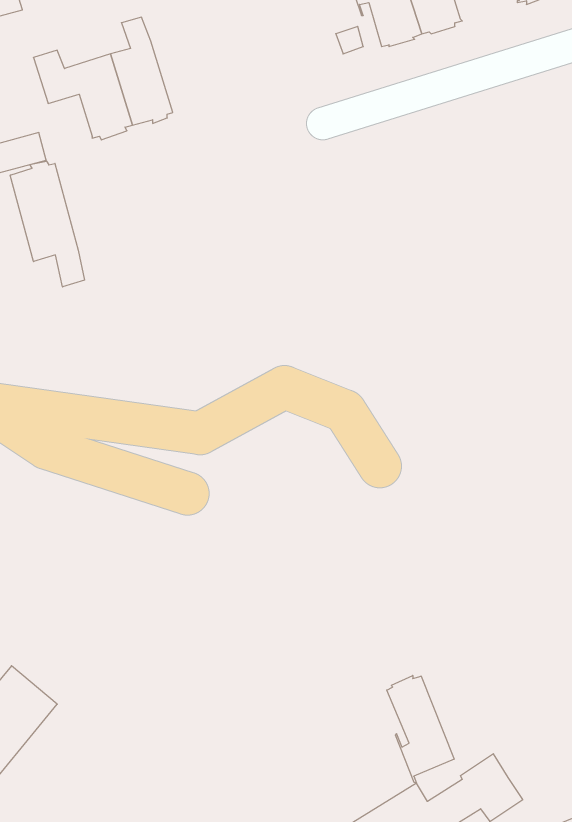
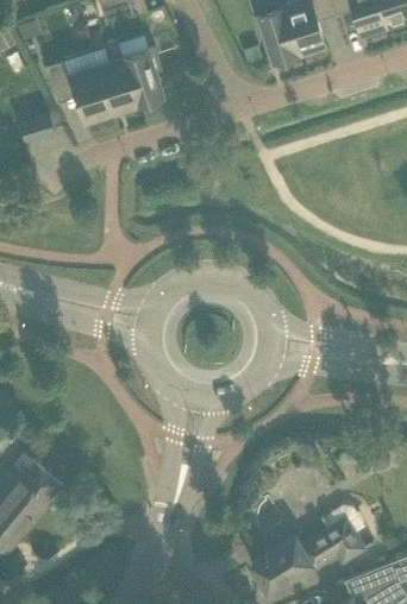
building: none -> [123,45,162,102]
building: [10,161,84,287] -> none
building: [387,675,454,783] -> none

